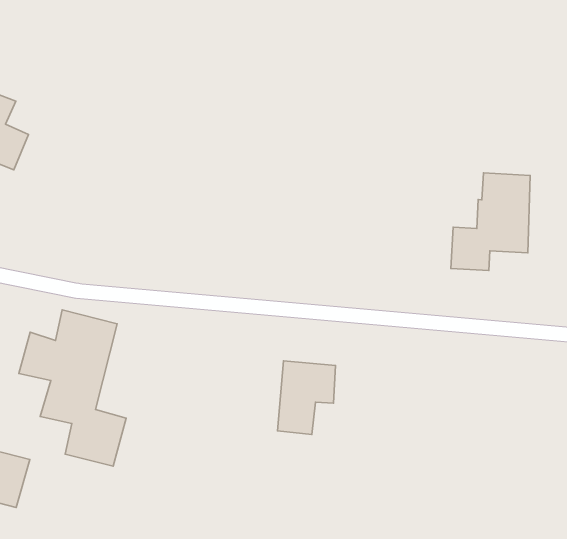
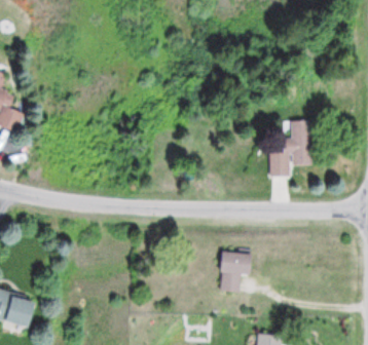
building: [19,310,126,466] -> none
building: [278,361,336,435] -> [220,251,251,292]

